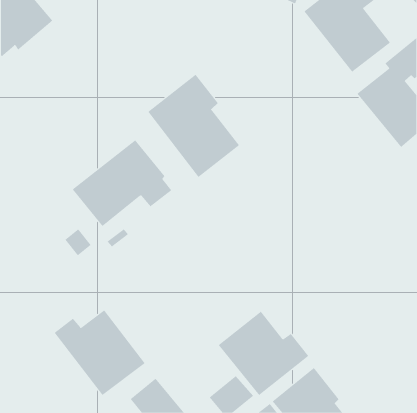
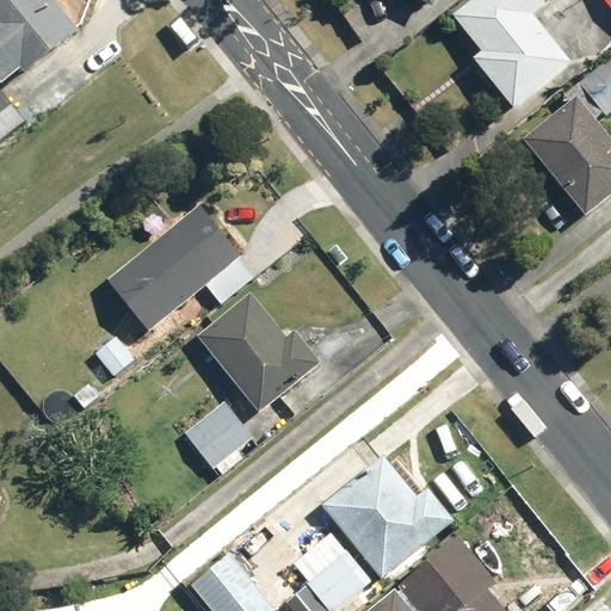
building: [147,74,240,178] -> none
building: none -> [196,292,321,413]
building: none -> [186,401,252,467]
building: [54,310,145,396] -> none

